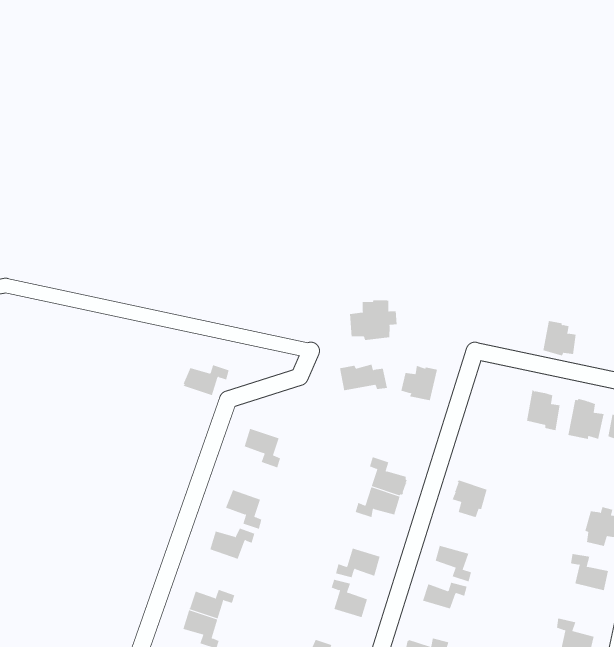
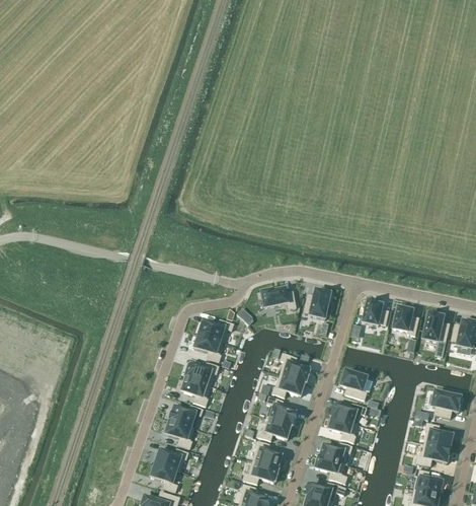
building: [350,299,397,341] -> none
building: [542,320,577,356] -> [364,300,388,326]
building: [183,365,230,396] -> [197,318,231,341]
building: none -> [184,362,218,384]
building: none -> [268,397,296,425]
building: none -> [331,404,365,423]
building: none -> [165,420,191,448]
building: none -> [418,444,450,465]
building: none -> [315,456,343,482]
building: none -> [245,462,279,484]

